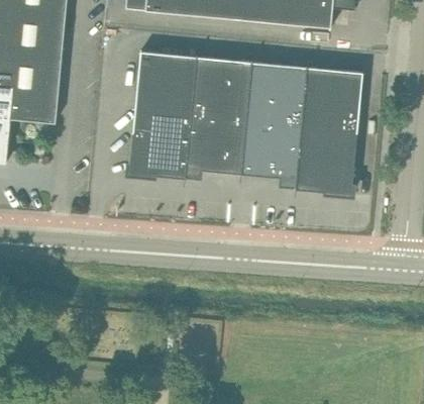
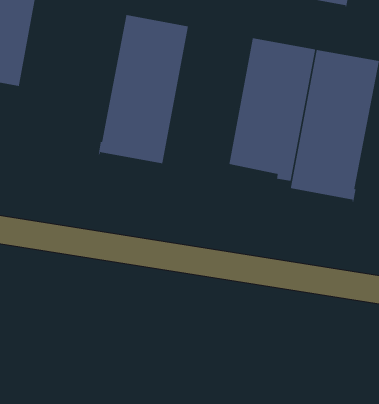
building: [185,53,252,179] -> none

